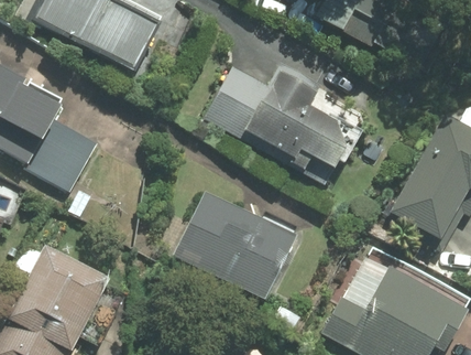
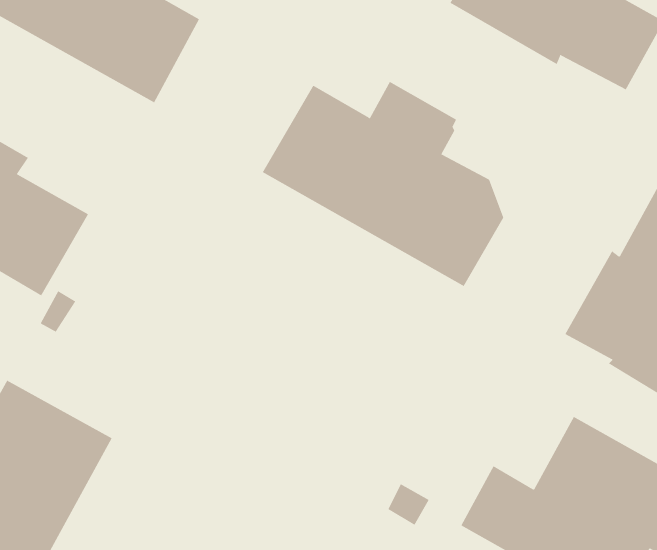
building: [173,187,299,300] -> none

